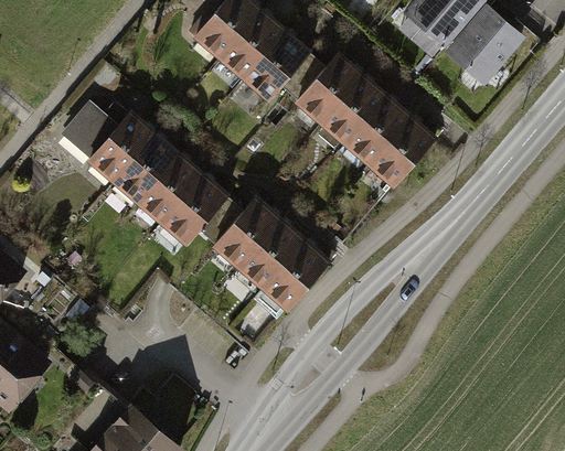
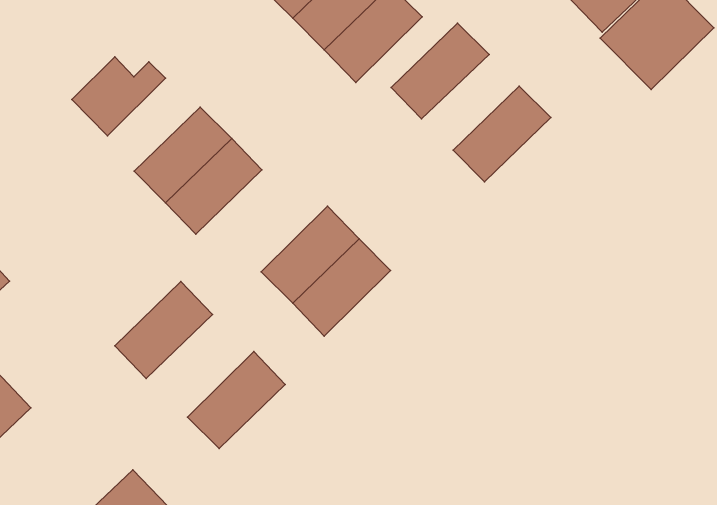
building: [318,73,387,146] -> none
building: [85,110,154,183] -> none
building: [369,115,437,187] -> none
building: [160,173,230,247] -> [115,281,212,379]
building: [262,238,331,312] -> [188,351,285,449]

